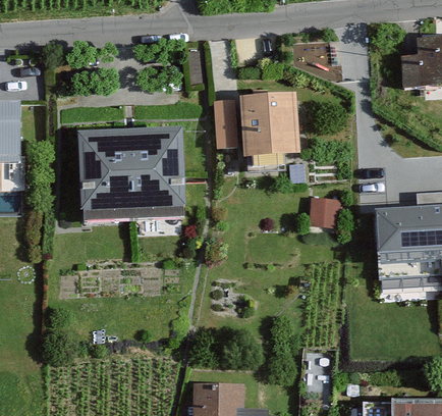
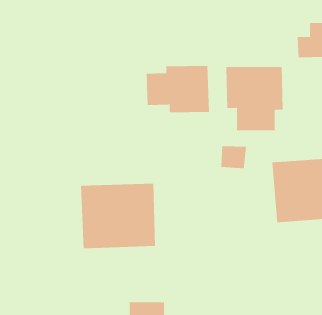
building: none -> [226,66,283,131]
building: [84,133,177,214] -> [80,183,156,249]

